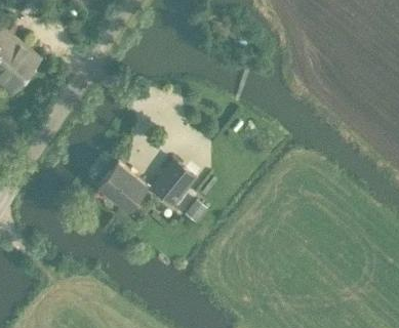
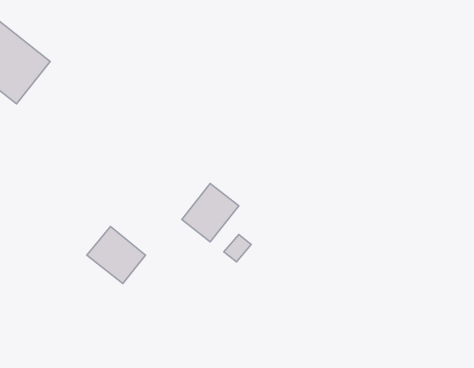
building: [101,164,149,211] -> [87,226,145,284]

